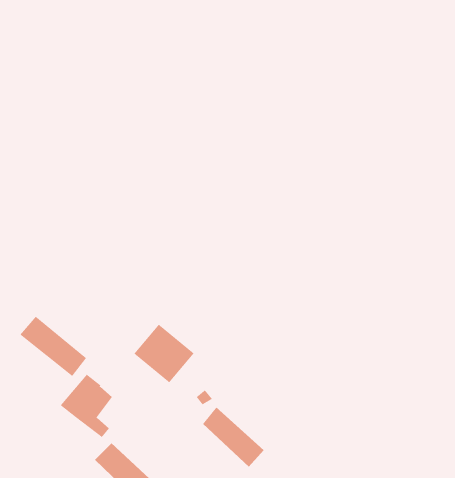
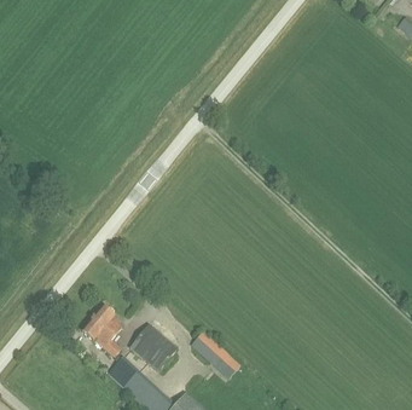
building: [20,316,87,377] -> none
building: [134,324,195,383] -> [129,323,176,369]

